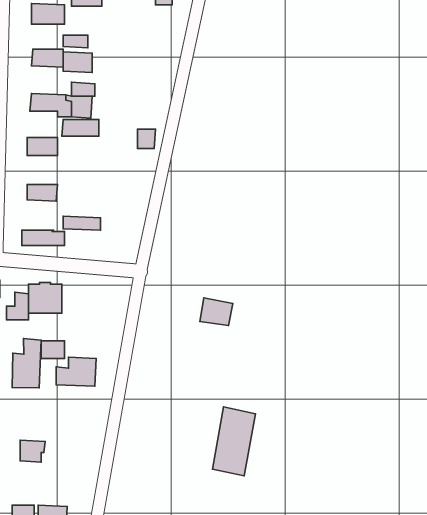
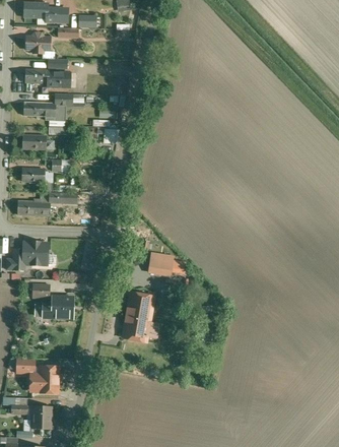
building: [12,339,41,388] -> none
building: [213,407,255,476] -> [121,292,152,342]
building: none -> [31,366,59,393]

